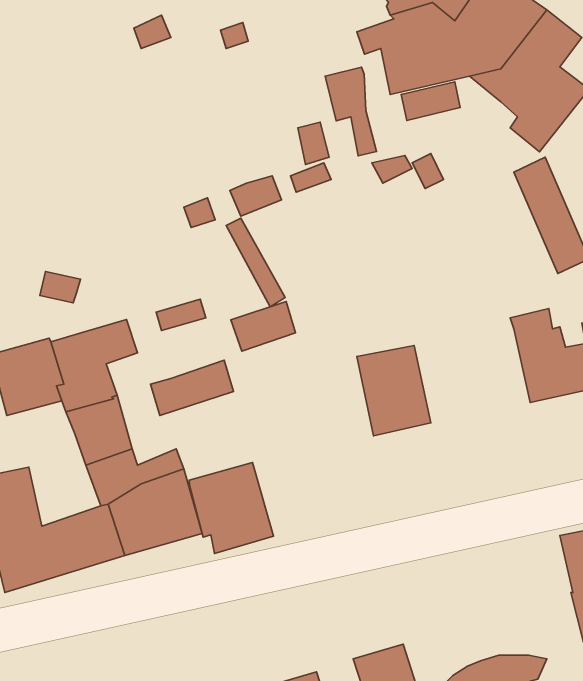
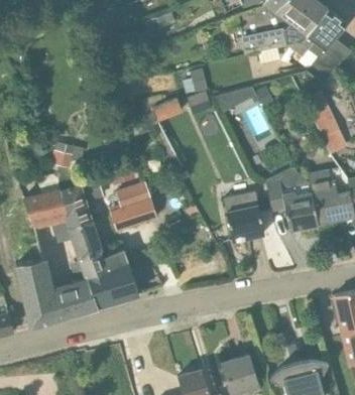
building: [325,67,376,156] -> none
building: [231,301,295,351] -> [116,182,151,210]
building: none -> [266,168,319,229]
building: [189,463,274,553] -> none

